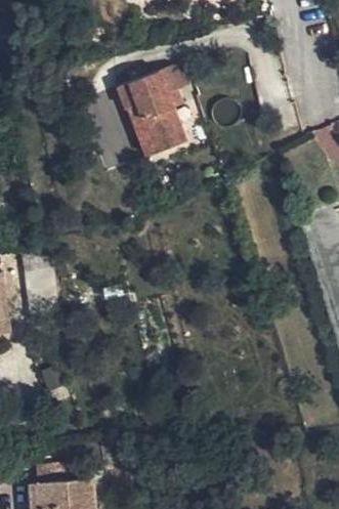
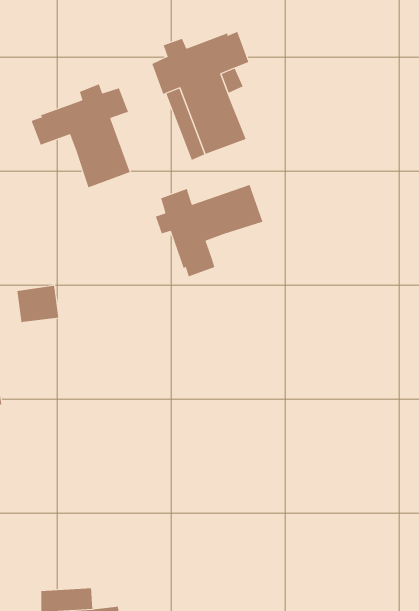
building: none -> [31,84,130,188]
building: none -> [155,184,263,277]

